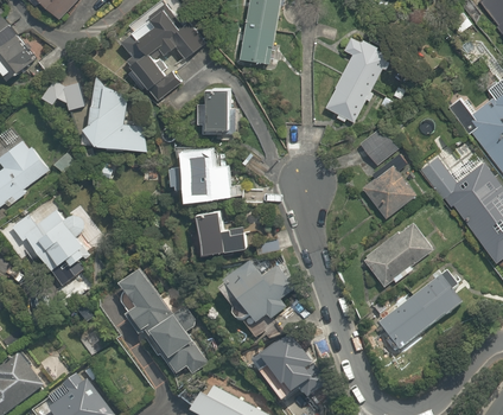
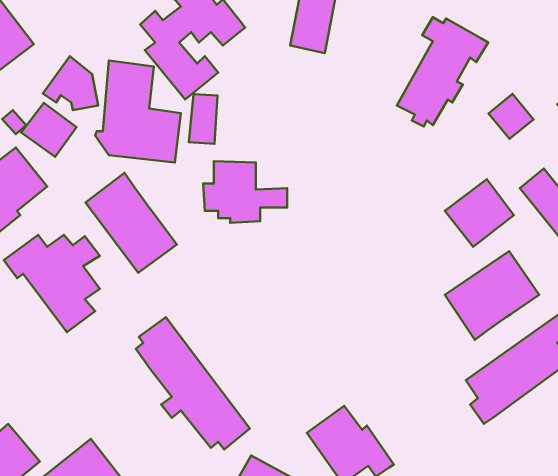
building: [205,90,228,129] -> [189,94,217,144]
building: none -> [21,103,76,157]
building: [358,128,394,164] -> [488,94,533,139]
building: none -> [85,173,177,273]
building: [193,210,246,256] -> none
building: [216,262,298,325] -> none

